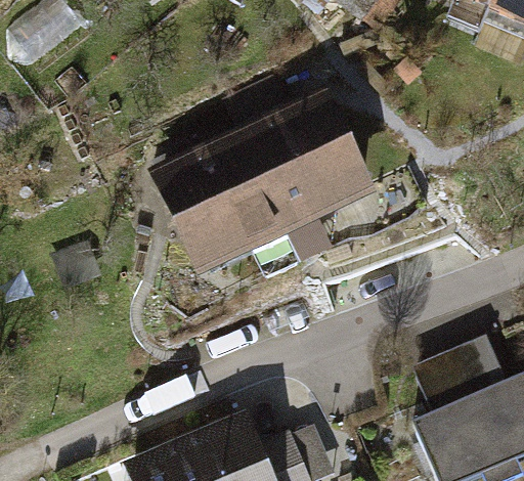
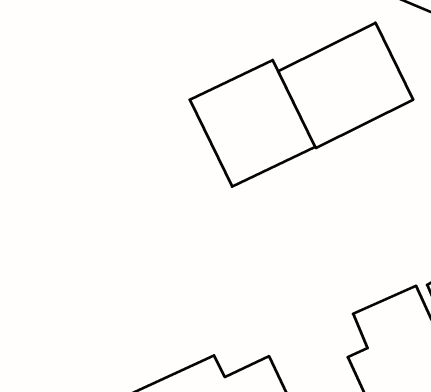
building: none -> [278,23,413,148]
building: [141,138,283,281] -> none

